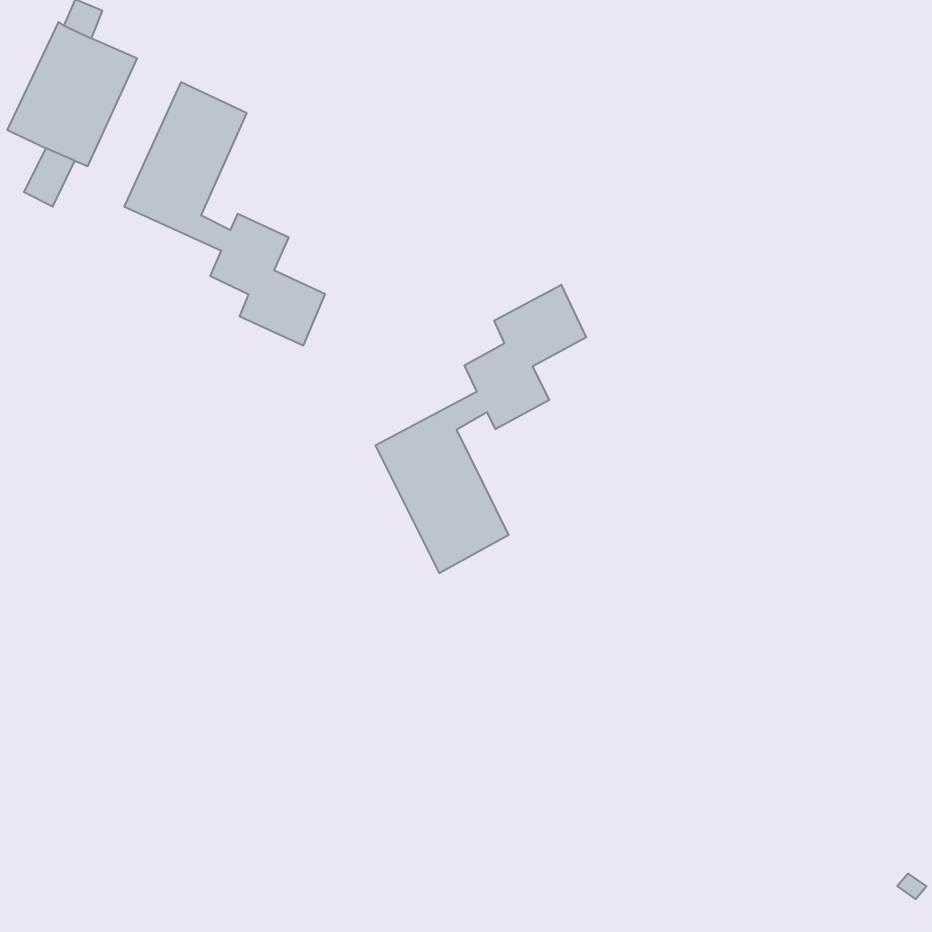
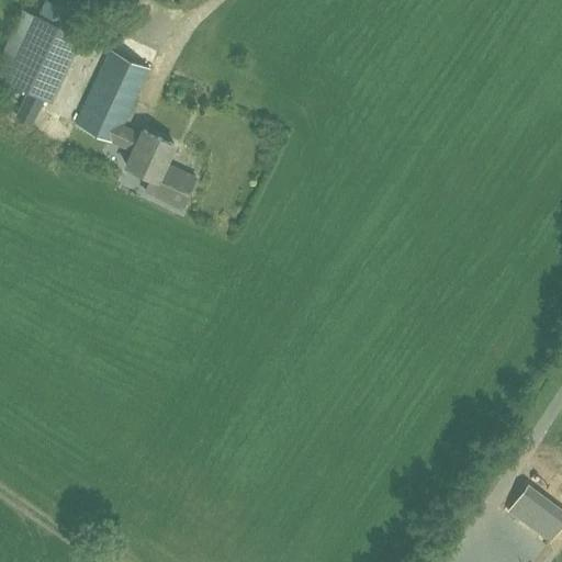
building: [375,285,586,573] -> none
building: none -> [508,488,546,526]

